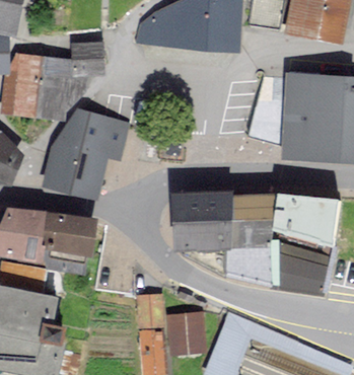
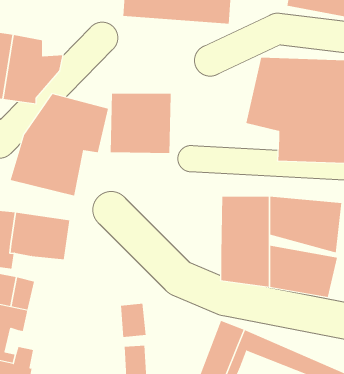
building: [68,43,103,75] -> none
building: [173,198,228,251] -> [110,93,171,154]
building: [168,313,204,353] -> none

